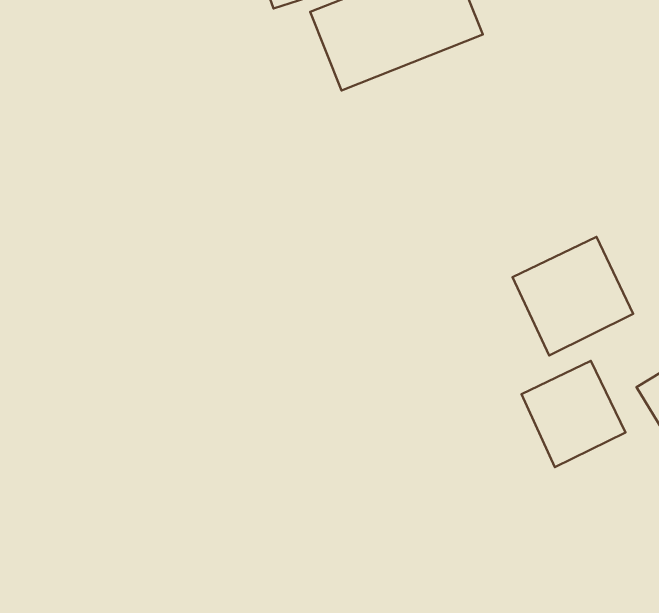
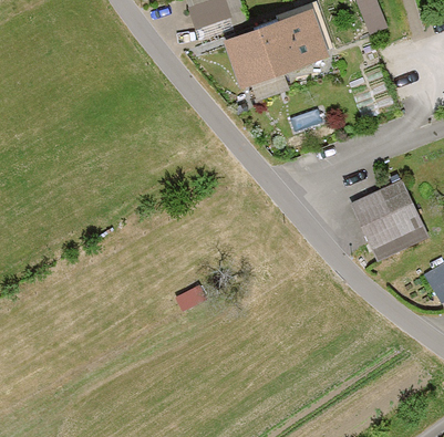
building: [521,361,625,467] -> none

